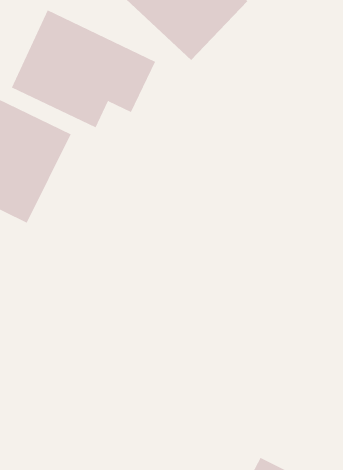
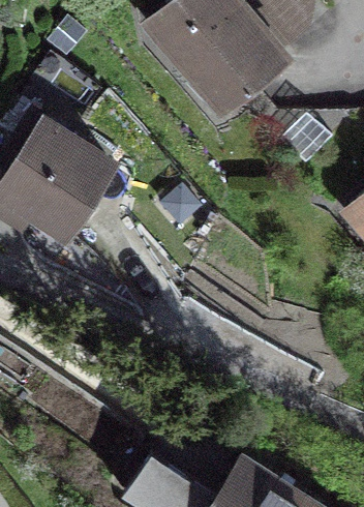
building: [11,9,156,128] -> none

